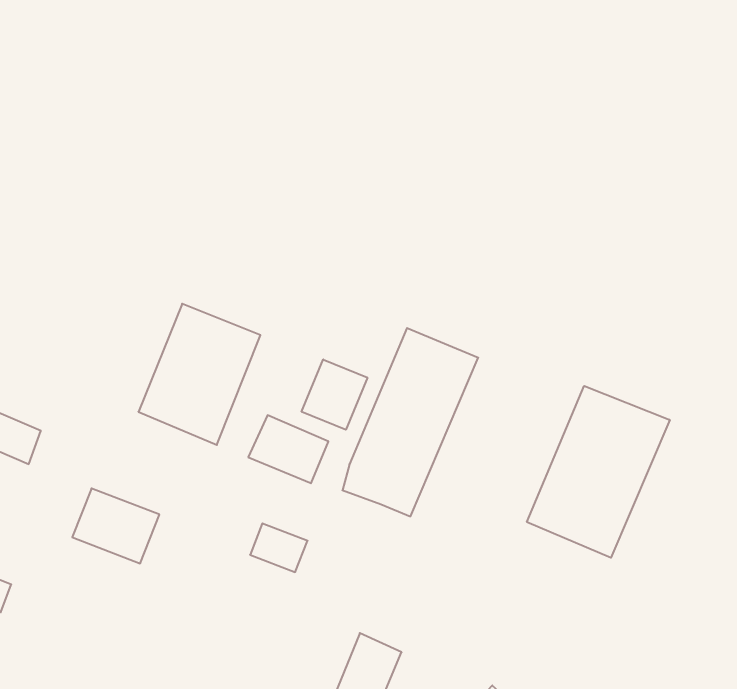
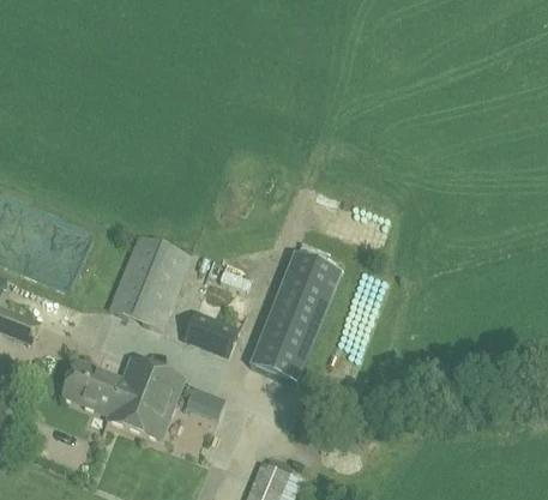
building: [302,359,367,430] -> none
building: [527,386,670,558] -> none
building: none -> [108,356,185,439]

